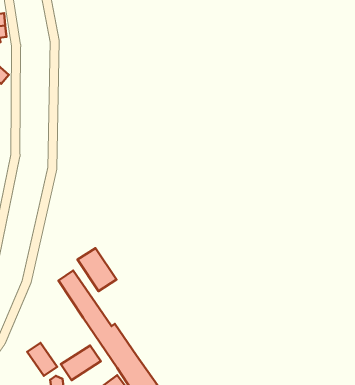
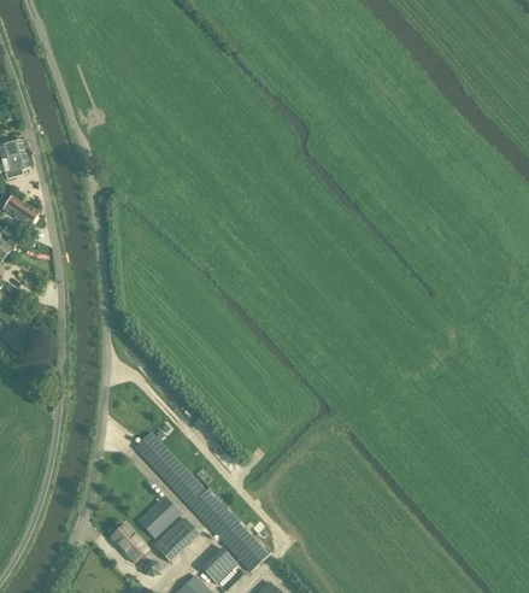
building: [77,248,117,291] -> none
building: none -> [137,495,180,538]

